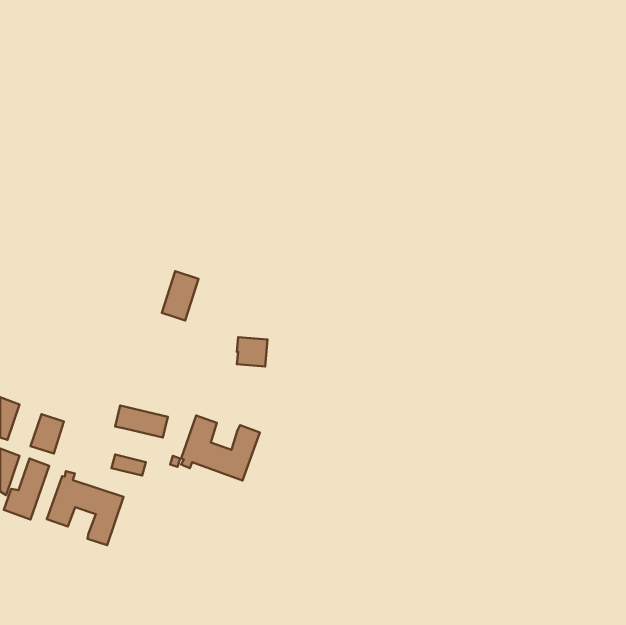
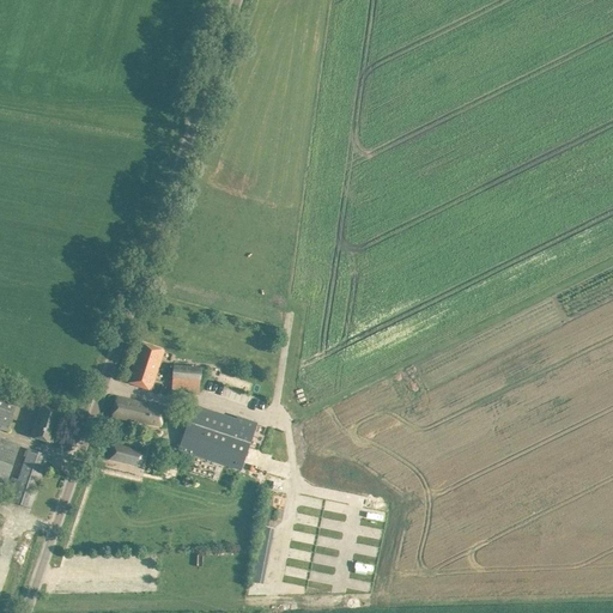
building: [162,271,199,320] -> [128,341,164,389]
building: [237,337,268,366] -> [171,365,201,394]
building: [47,471,124,545] -> none

